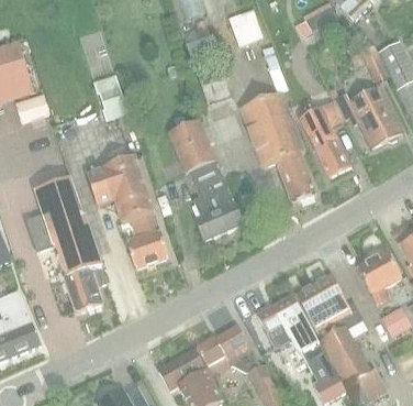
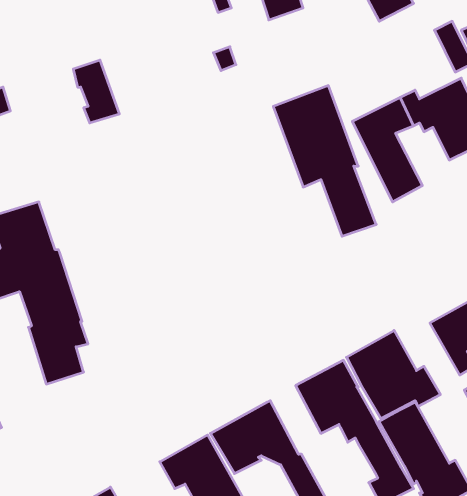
building: [168,118,243,239] -> none
building: [86,154,167,267] -> none

